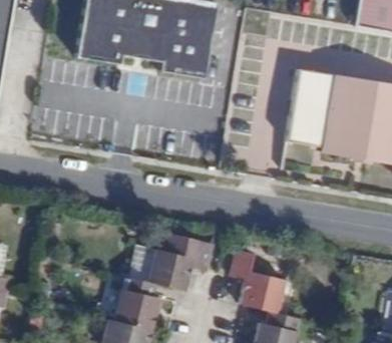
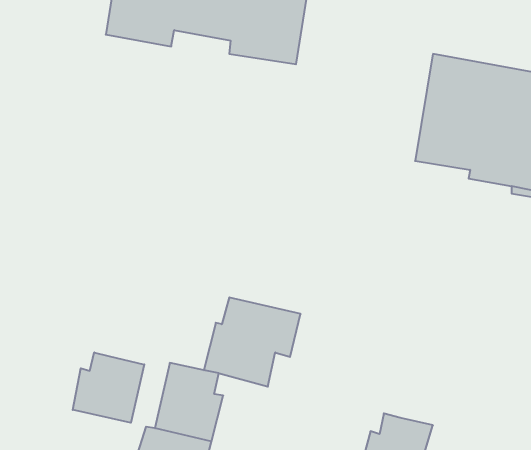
building: [229,250,285,314] -> none
building: none -> [73,352,144,423]

